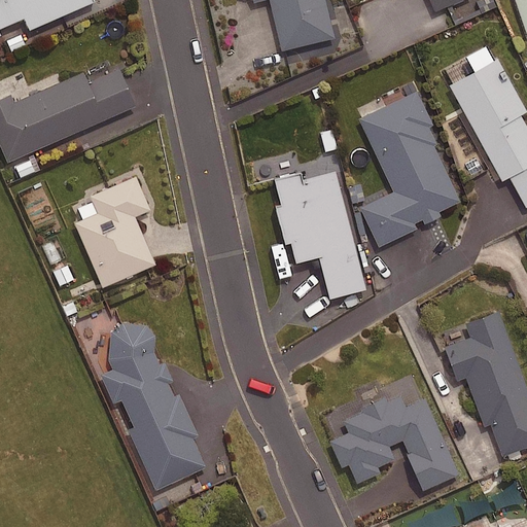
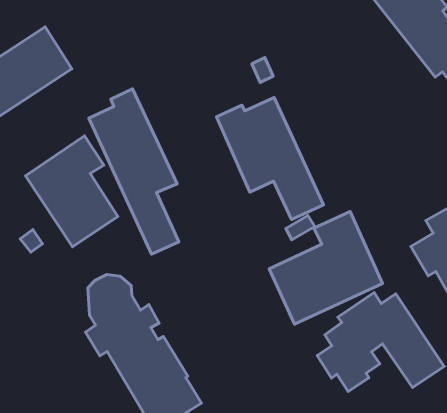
building: [355,91,462,246] -> none
building: none -> [89,89,179,254]
building: none -> [269,211,383,324]

